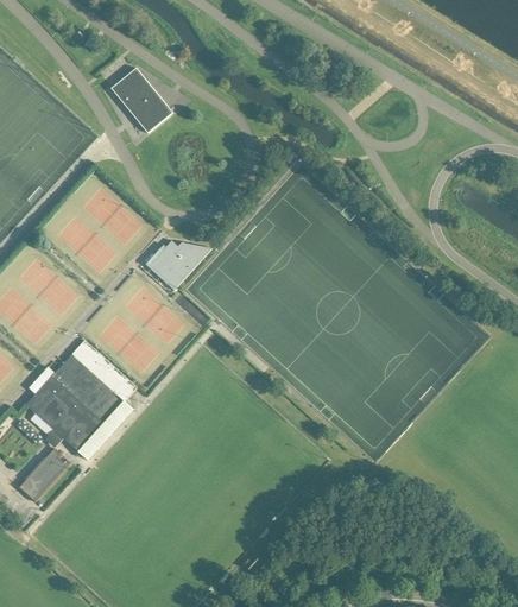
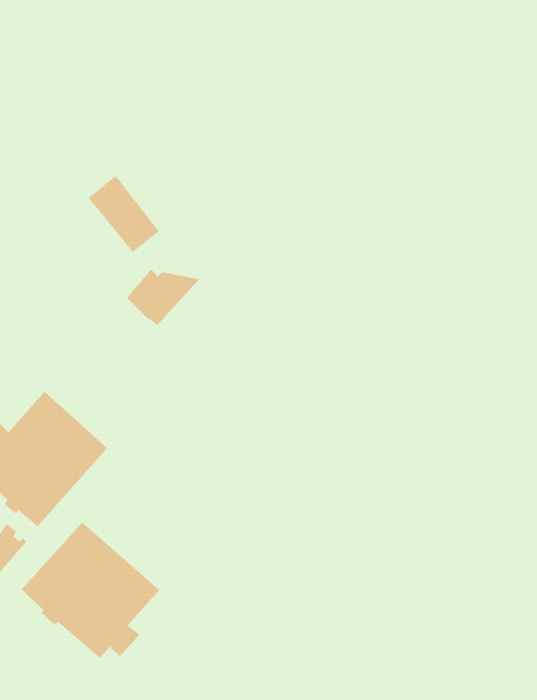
building: [108,68,170,133] -> [86,175,161,254]
building: none -> [21,521,160,659]

